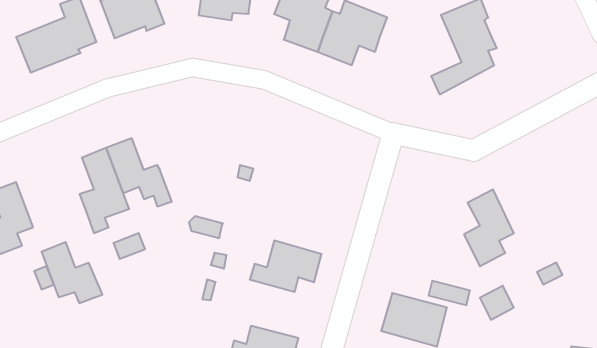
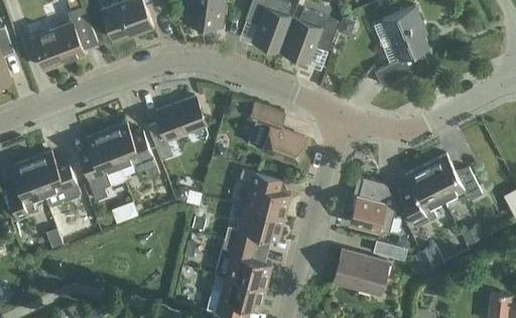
building: none -> [147,98,205,160]
building: none -> [248,103,304,162]
building: none -> [425,155,482,205]
building: none -> [238,169,289,218]
building: none -> [349,178,396,234]
building: [41,242,102,303] -> [30,151,81,201]
building: none -> [215,240,271,288]

